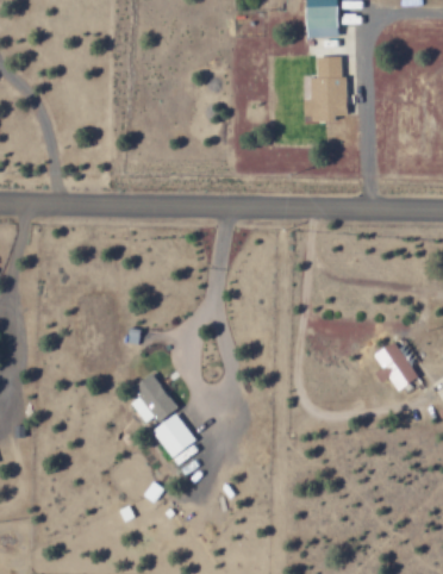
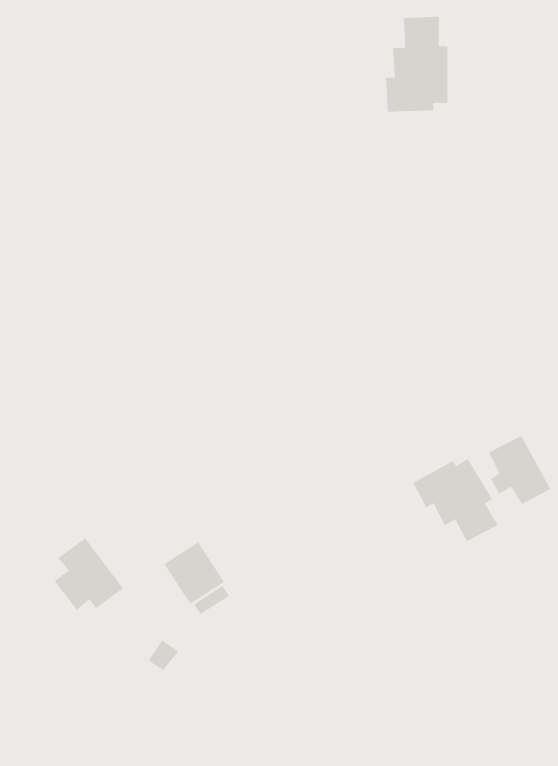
building: none -> [412,458,498,542]
building: [131,373,179,423] -> [54,537,124,611]

